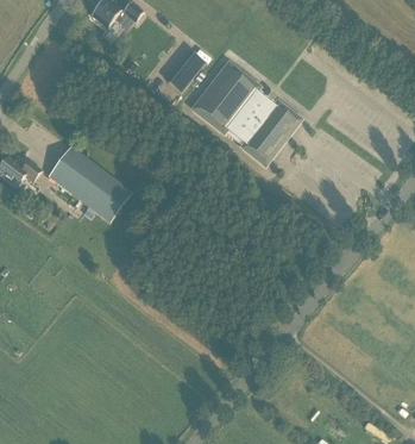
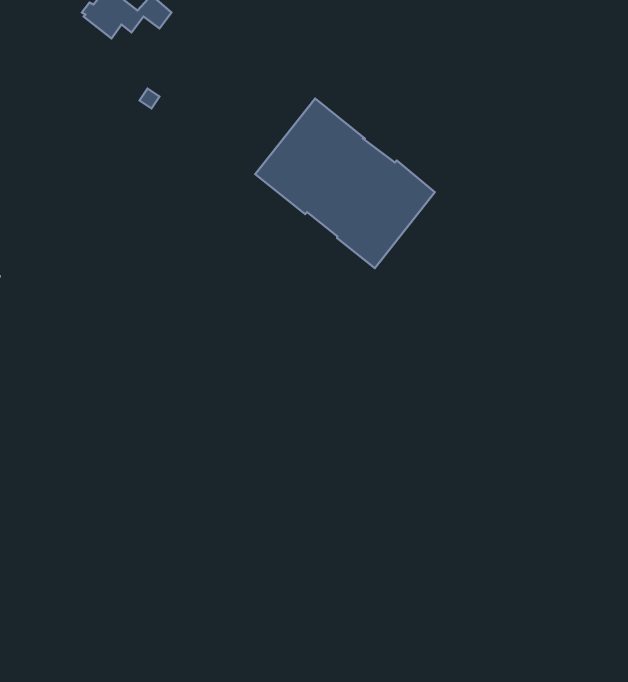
building: [166,50,205,92] -> none
building: [48,145,131,221] -> none

